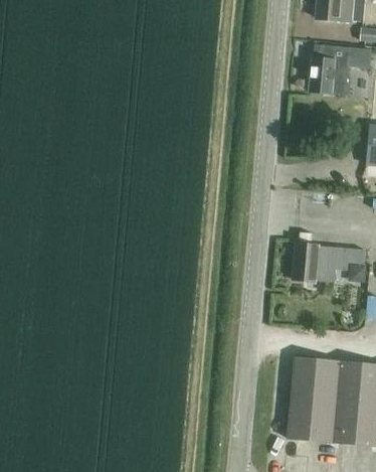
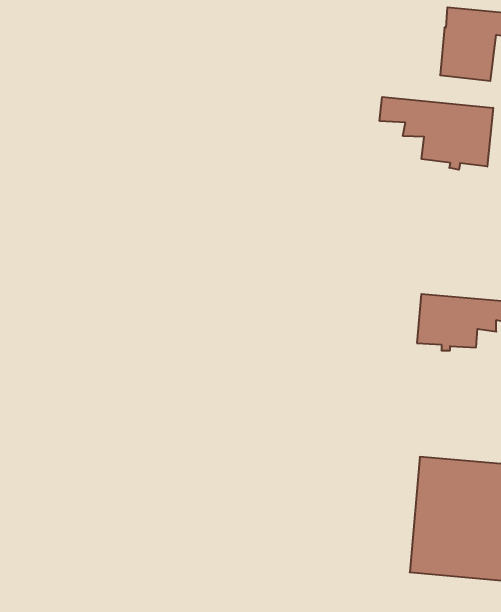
building: none -> [380,97,493,170]

